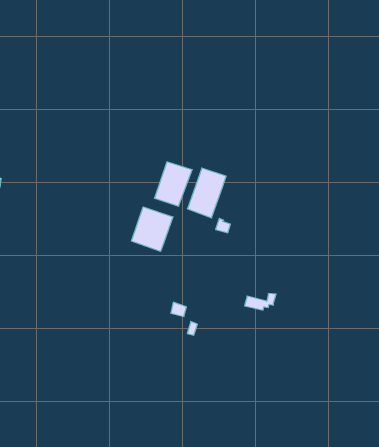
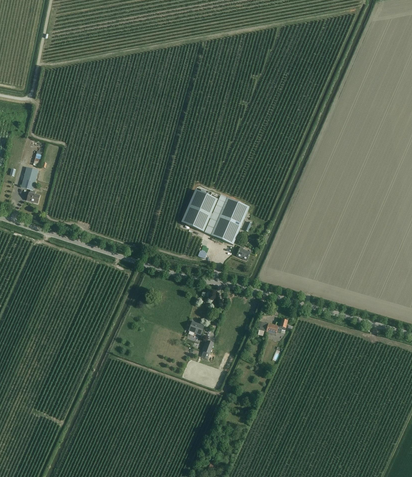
building: [132,207,173,251] -> none

